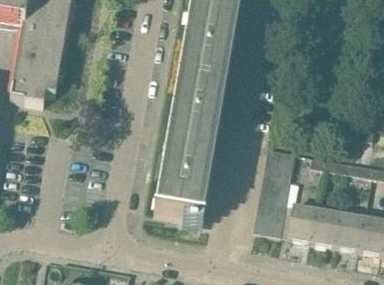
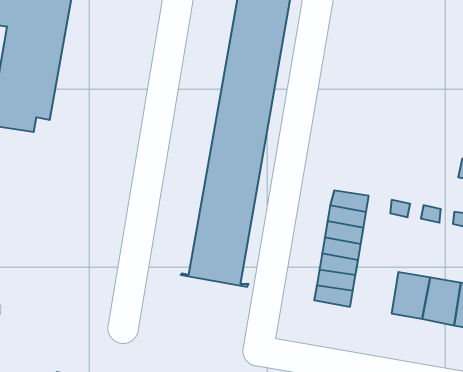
building: [286,202,316,238] -> none

